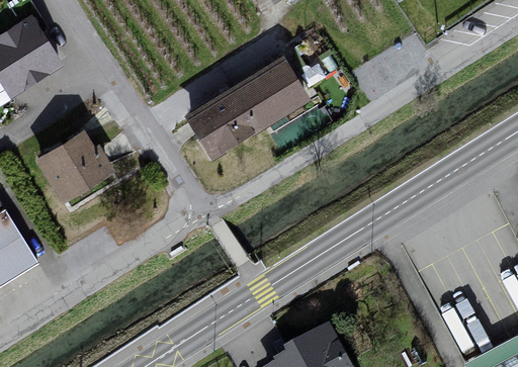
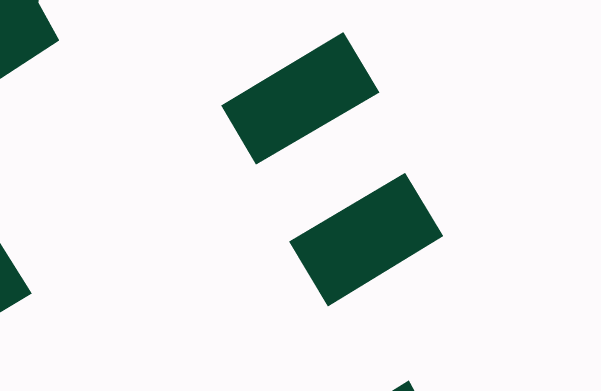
building: [34,135,108,205] -> none
building: none -> [288,172,444,308]

